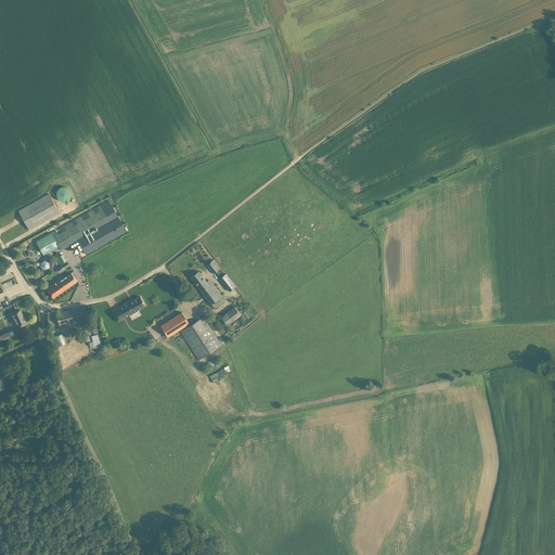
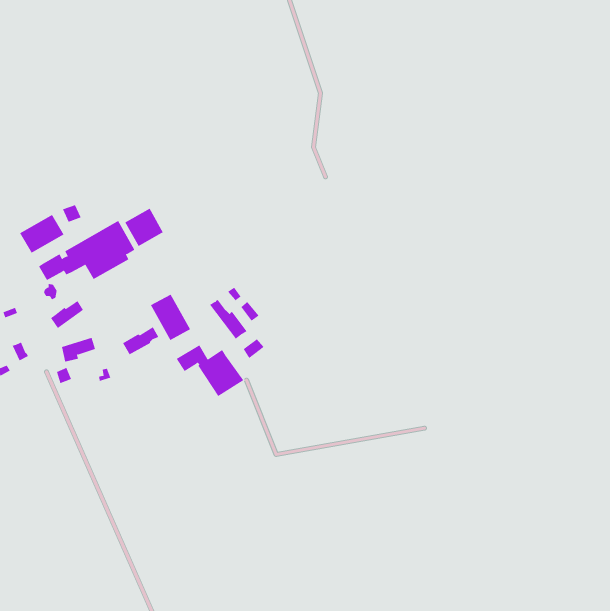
building: none -> [125,208,164,247]
building: none -> [150,294,191,341]

